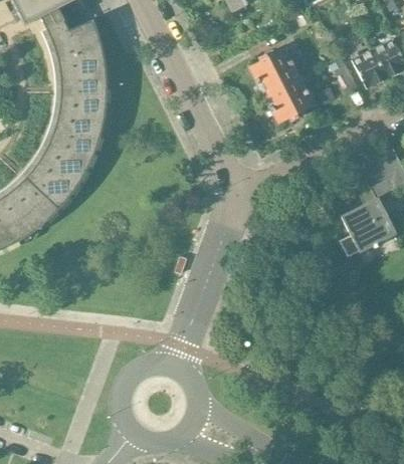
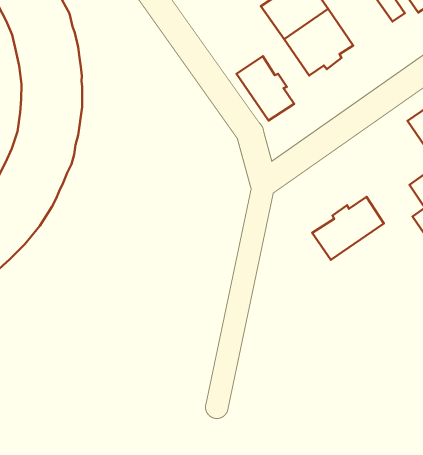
building: none -> [237,56,294,121]
building: none -> [312,197,384,260]

